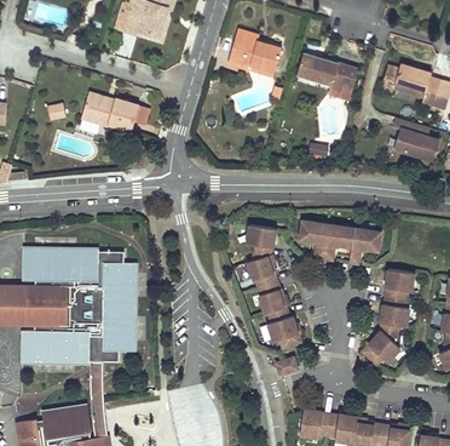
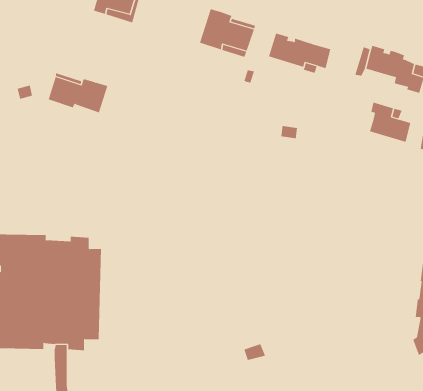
building: [300,221,381,264] -> none
building: [244,224,298,347] -> none
building: [362,269,412,364] -> none

